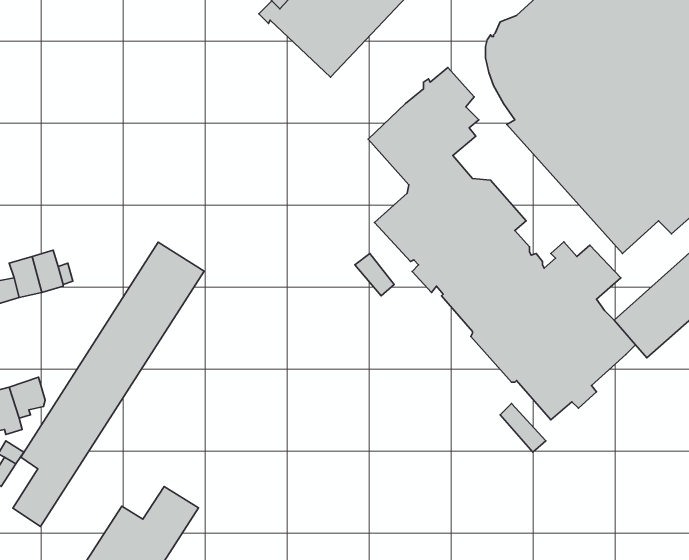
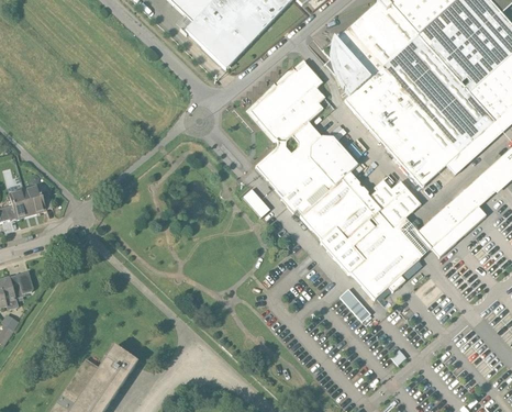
building: [13,242,204,527] -> none

